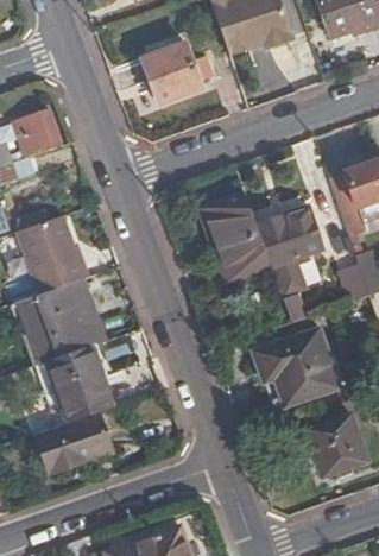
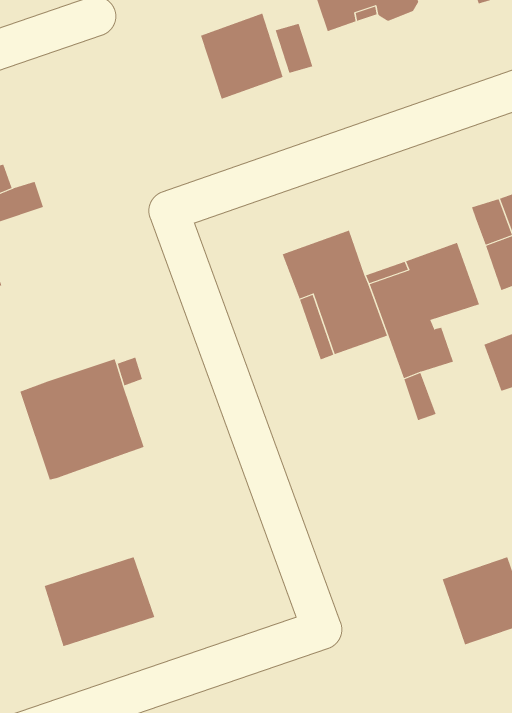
building: [14,109,58,153] -> none
building: [15,214,83,292] -> none
building: [252,326,337,406] -> none
building: [44,342,112,422] -> none

